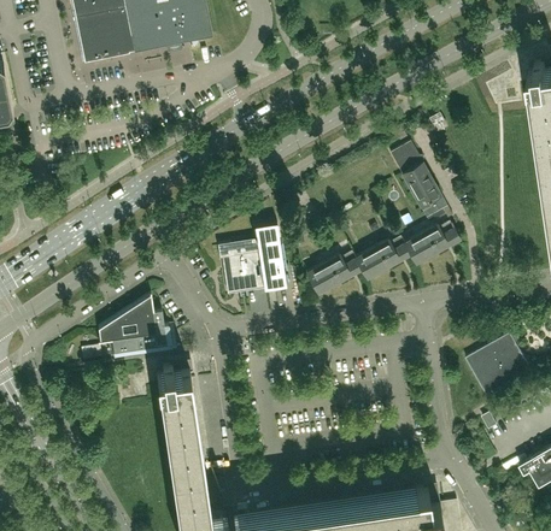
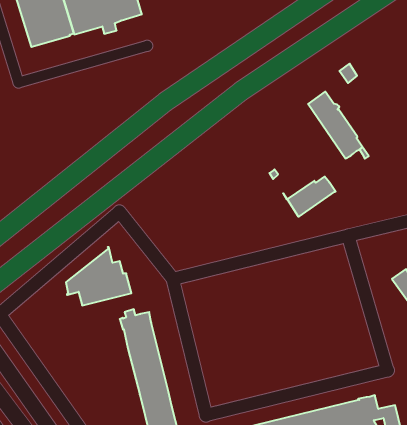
building: [404,223,459,265] -> none
building: [216,224,285,295] -> none
building: [305,252,367,295] -> none

